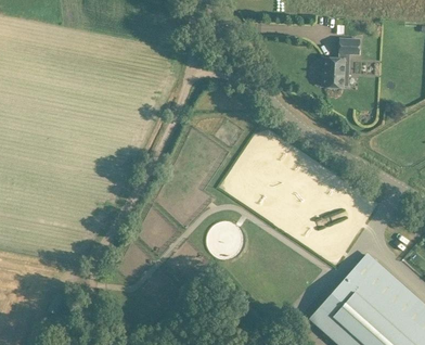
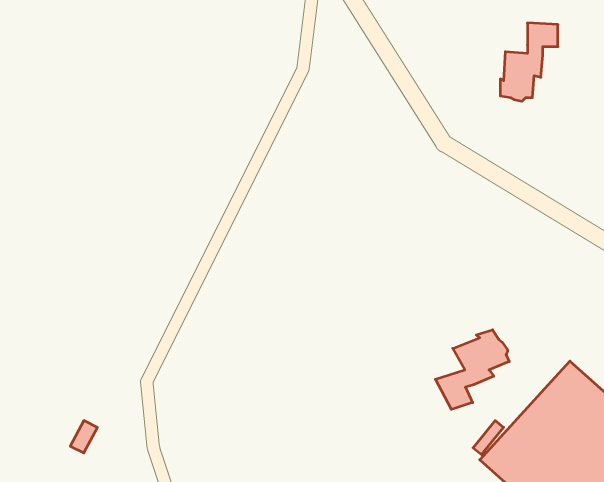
building: none -> [435,330,509,409]

